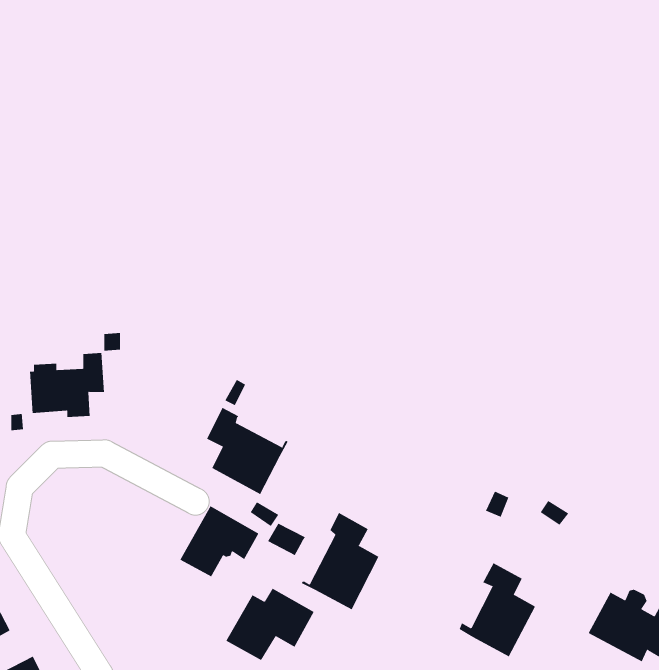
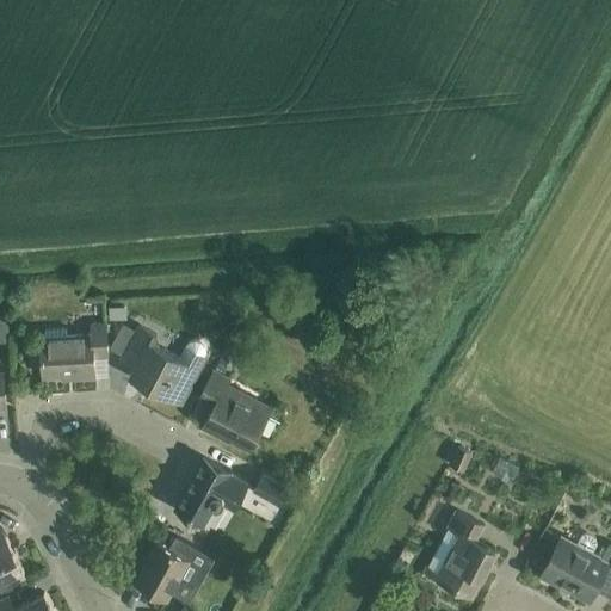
building: none -> [121,331,205,406]
building: [301,512,379,610] -> none
building: [226,588,315,661] -> [132,538,212,604]

